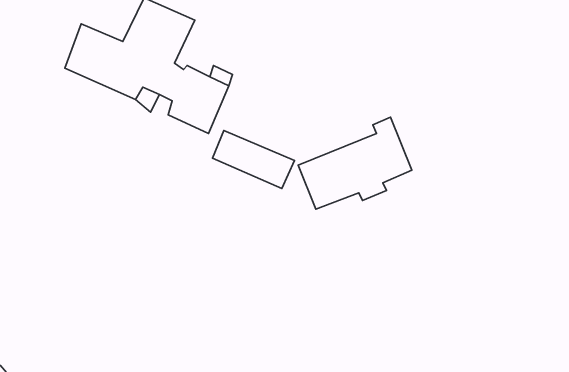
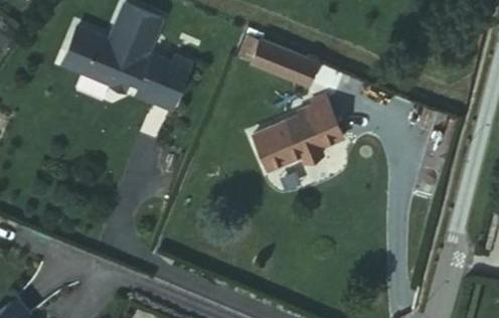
building: [212,130,295,188] -> [247,41,313,88]

